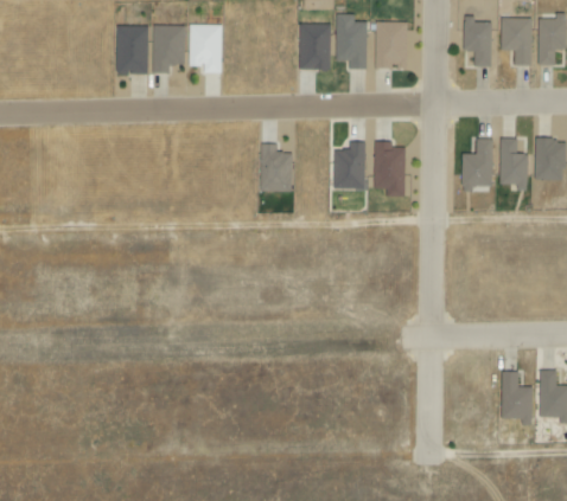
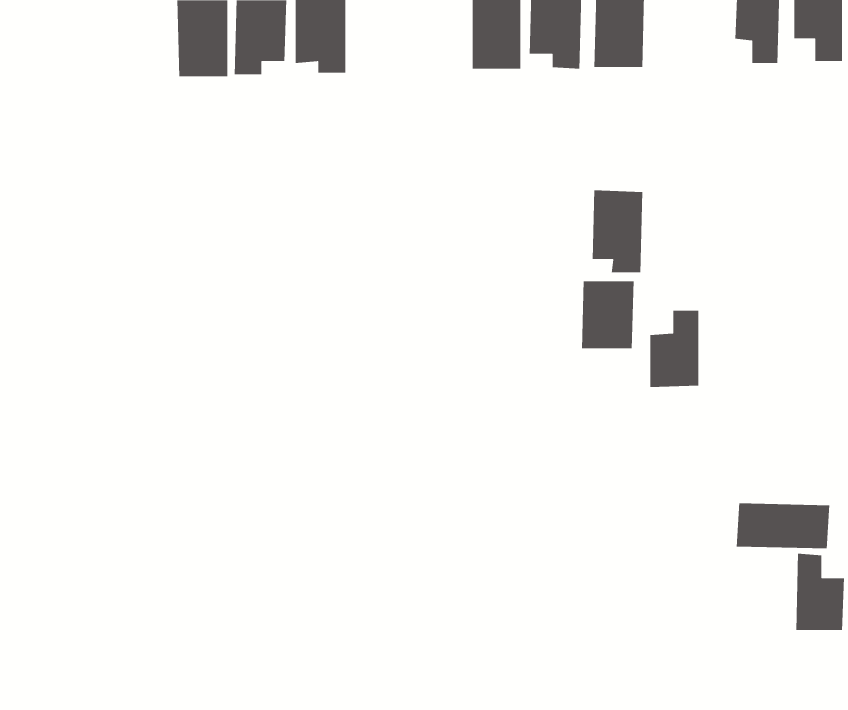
building: [501,137,528,186] -> none
building: [463,139,493,187] -> [650,310,699,388]
building: [263,143,293,192] -> none
building: [333,146,367,188] -> [581,281,634,349]
building: none -> [736,503,830,549]

